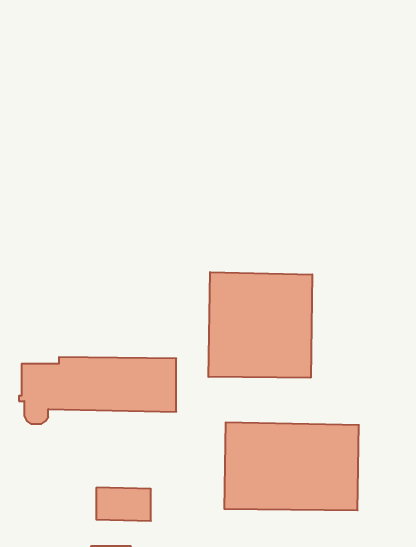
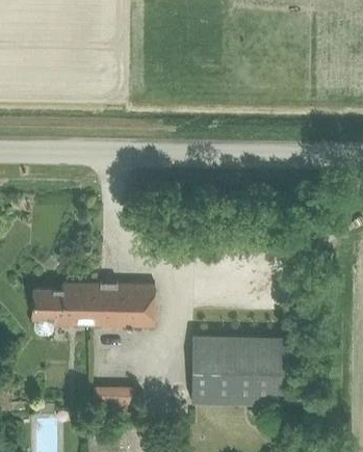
building: [208,272,312,378] -> none

